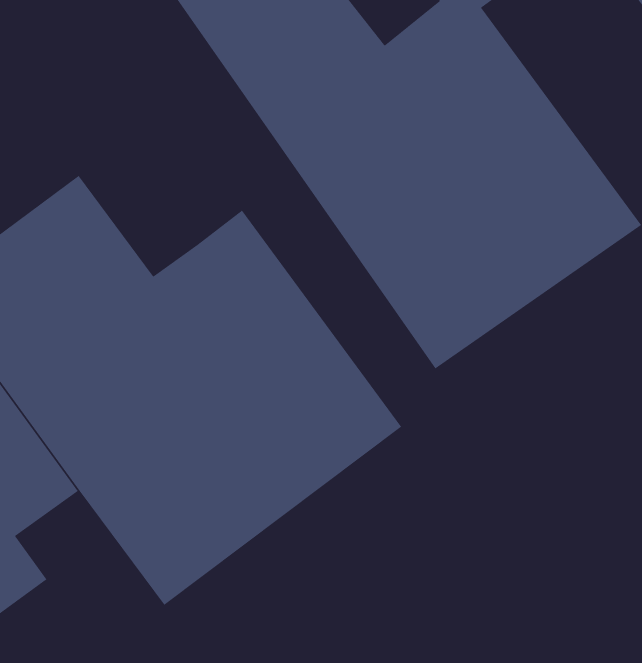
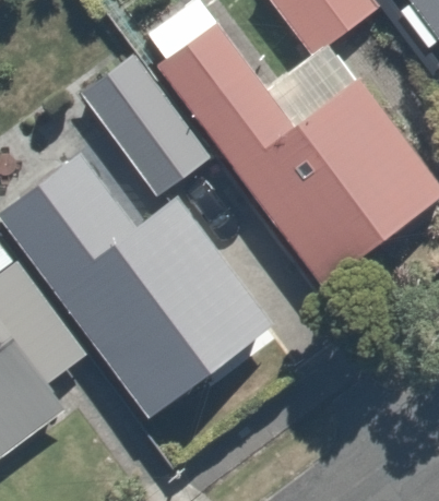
building: none -> [79,52,213,201]

